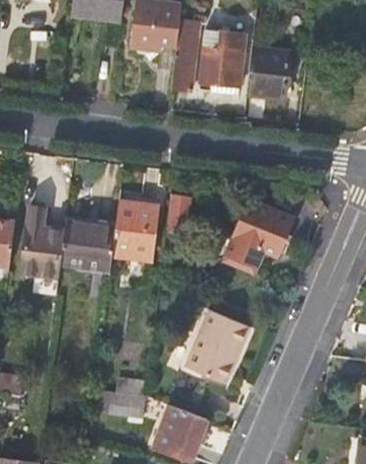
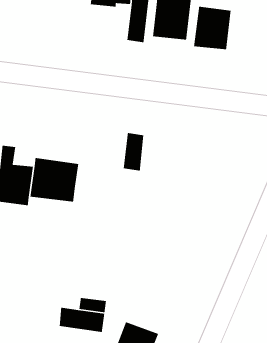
building: [225,199,293,265] -> none
building: [112,201,156,258] -> none
building: [186,312,251,384] -> none

